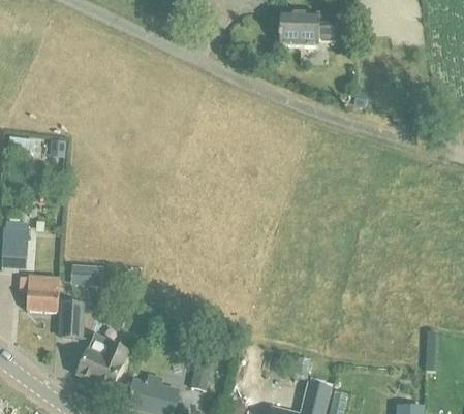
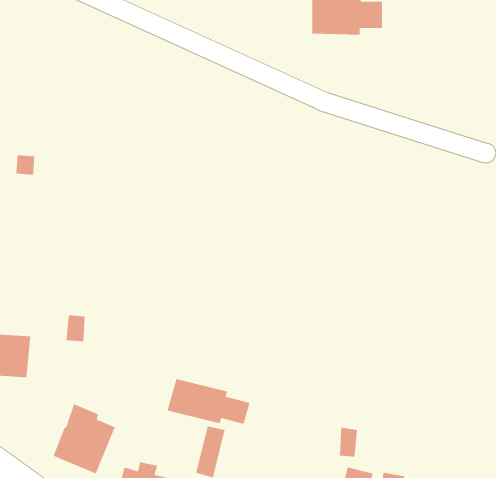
building: [60,304,83,338] -> none
building: none -> [167,378,251,425]

